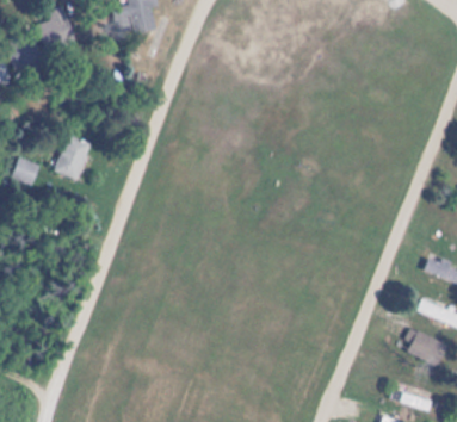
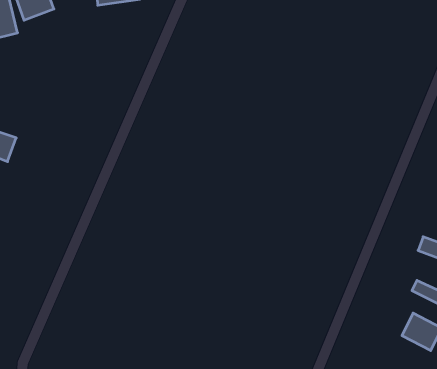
building: [55,134,92,180] -> none

